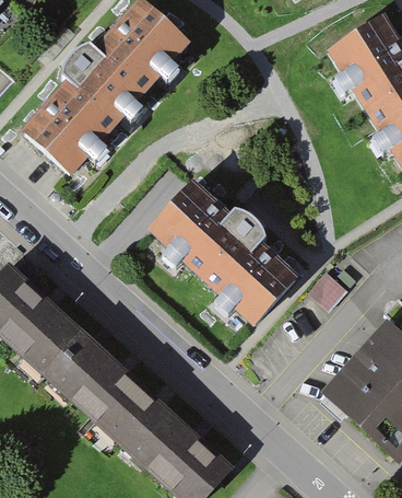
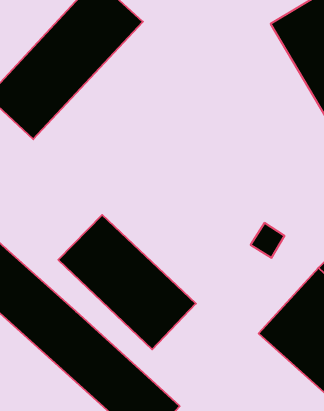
building: [149,176,299,324] -> [58,215,196,349]

